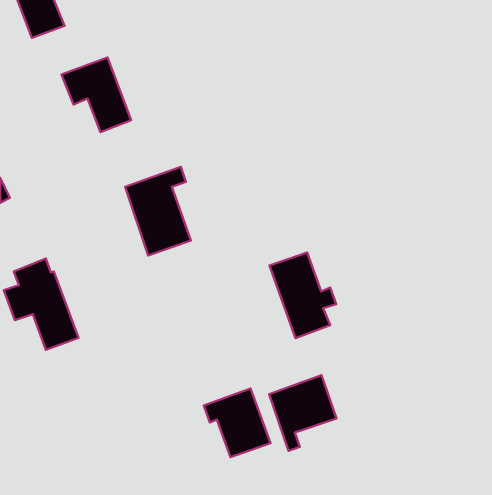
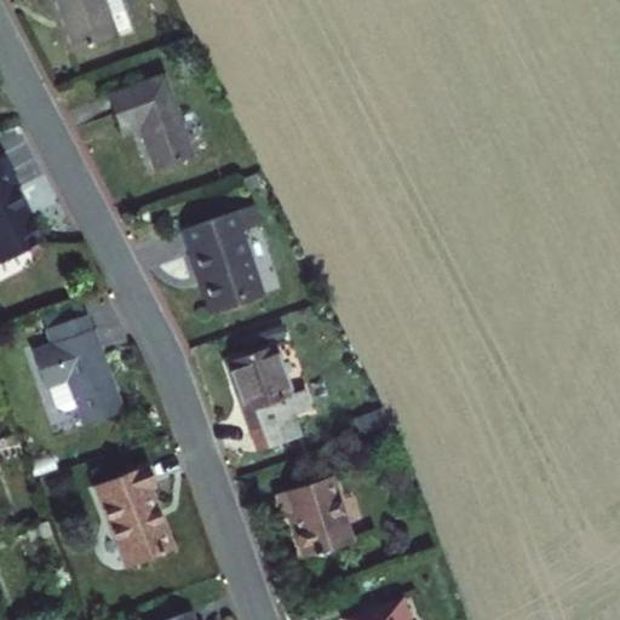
building: [270,253,336,338] -> [220,349,302,453]
building: [269,375,337,451] -> none
building: none -> [87,465,165,564]

